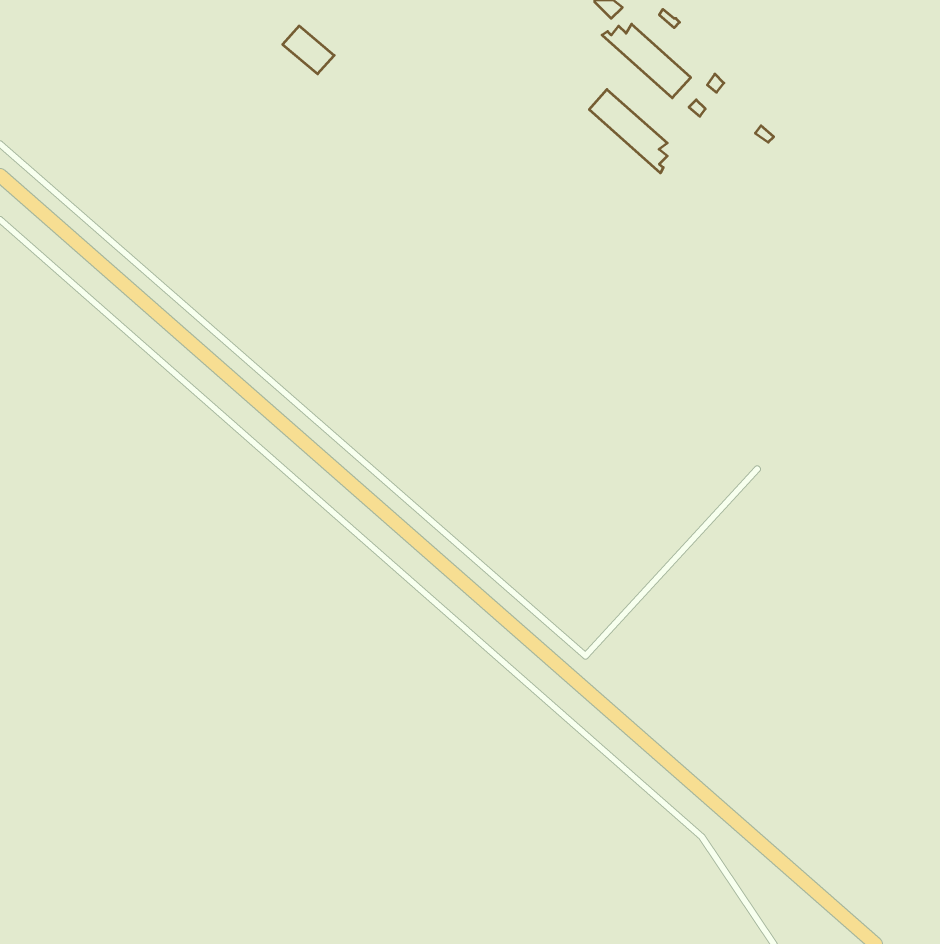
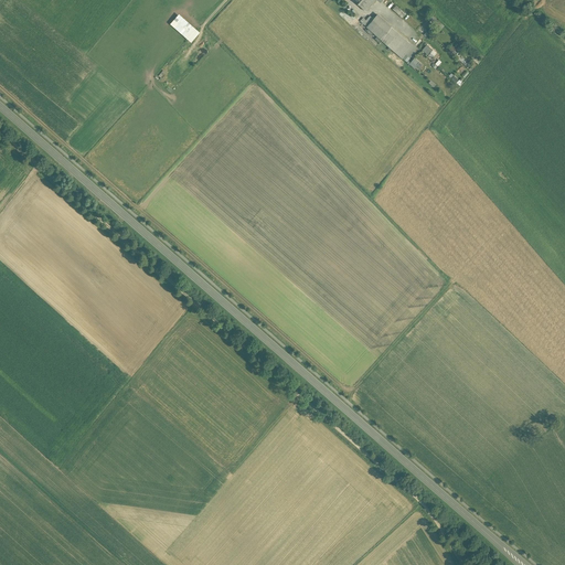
building: [589,89,667,173] -> none

